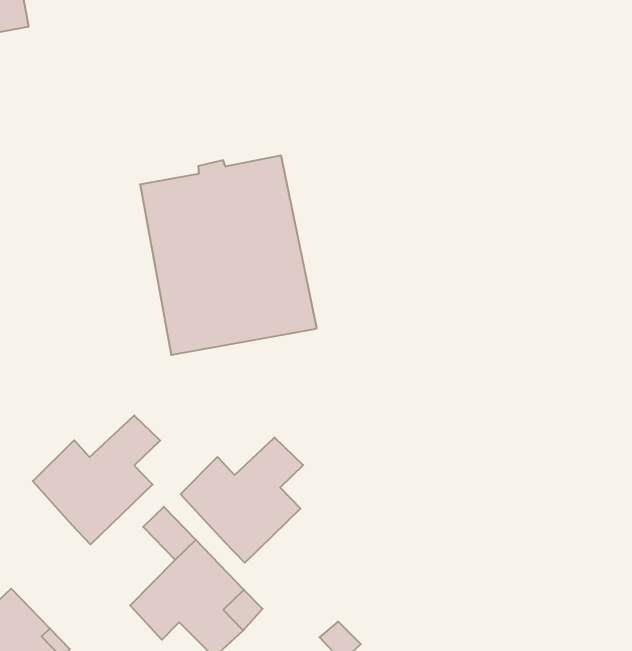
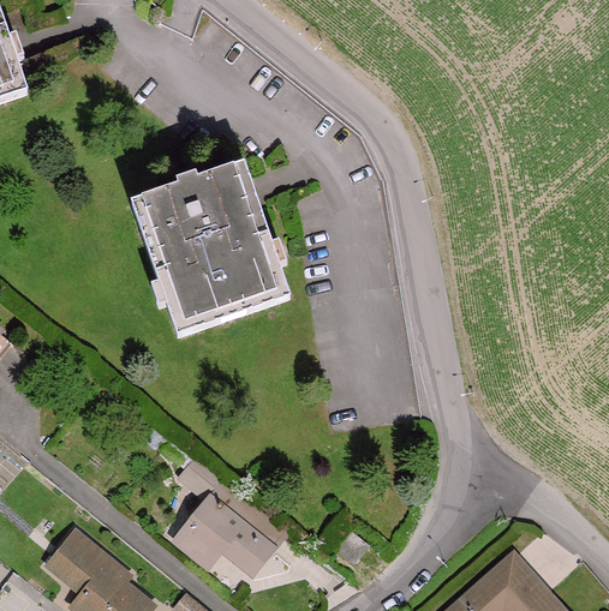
building: [33,415,160,544] -> none
building: [181,437,303,563] -> none

